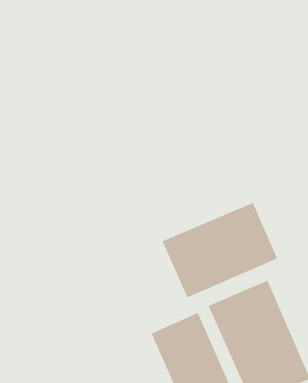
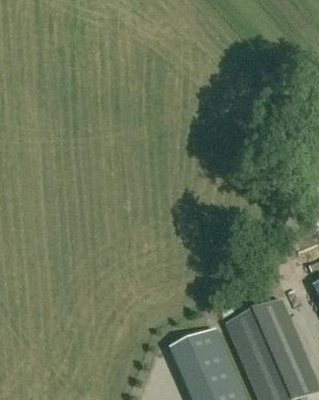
building: [162,202,278,298] -> none

